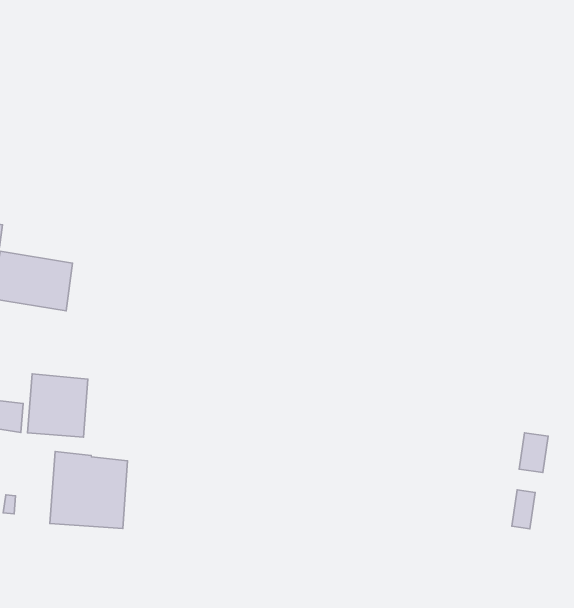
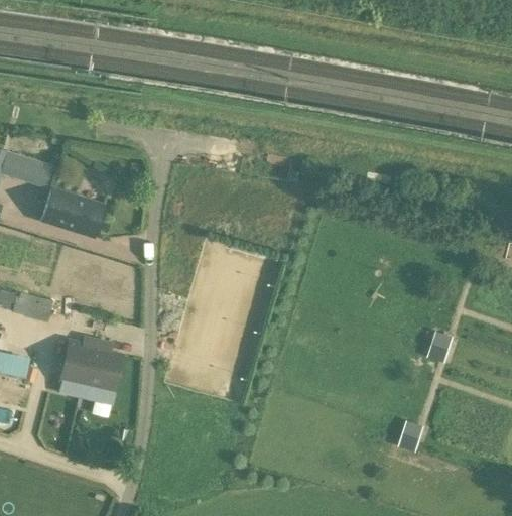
building: [27,374,88,437] -> none
building: [519,433,548,472] -> [425,330,451,361]

